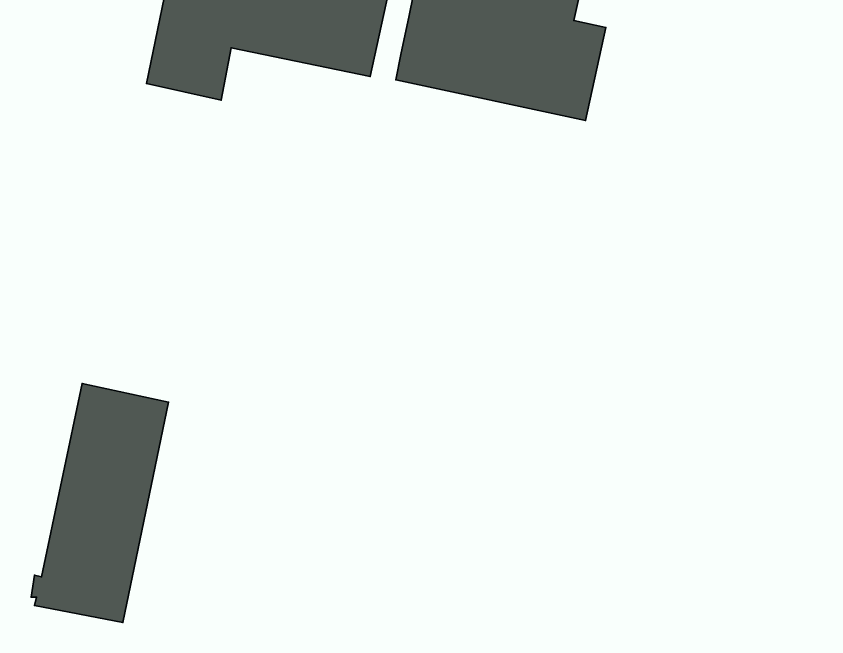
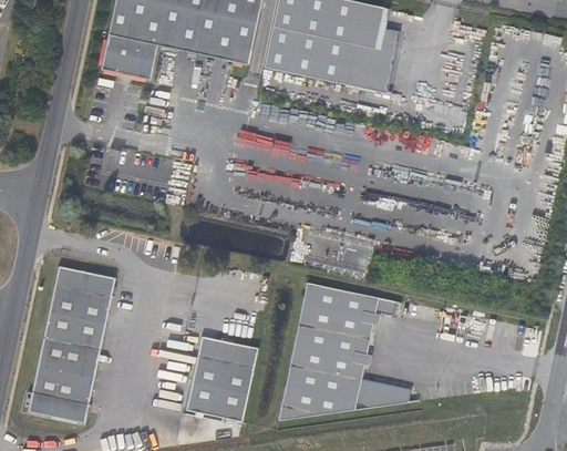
building: none -> [279,283,412,420]
building: none -> [187,336,259,421]

